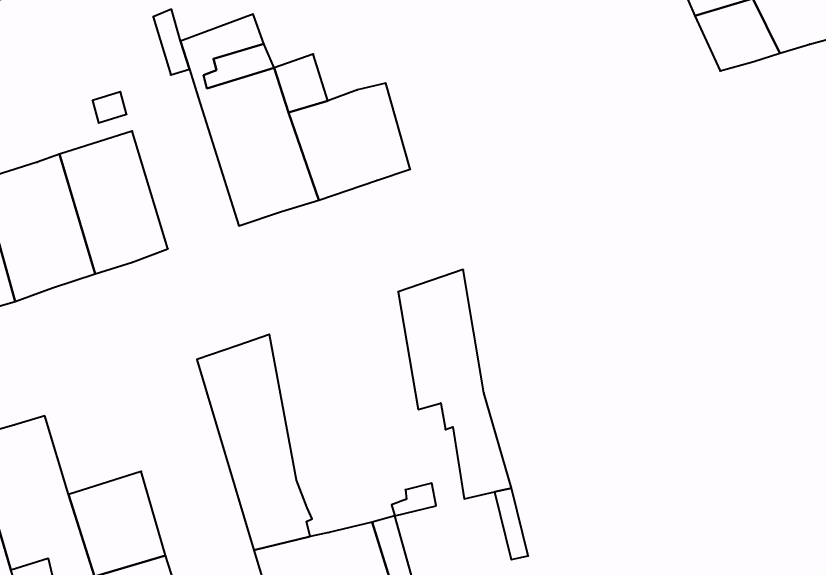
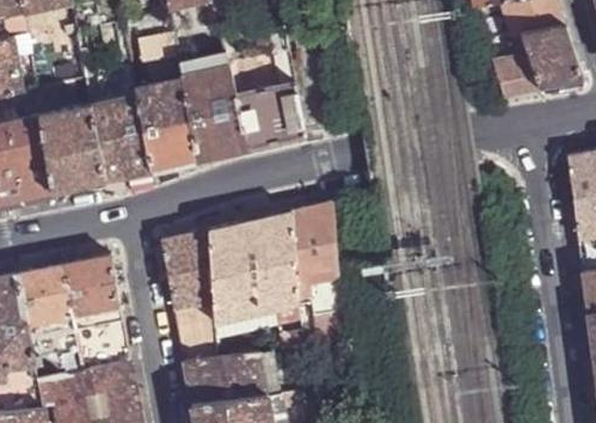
building: none -> [135,79,196,171]
building: none -> [208,213,296,341]
building: none -> [63,257,119,317]

